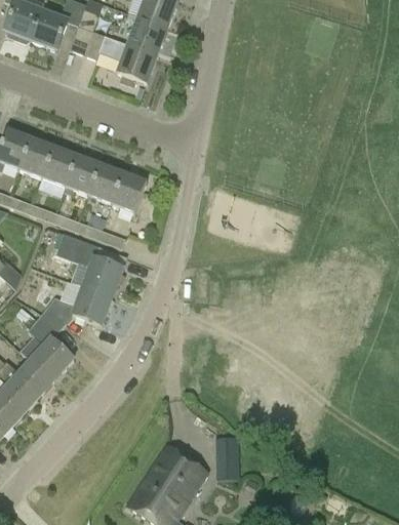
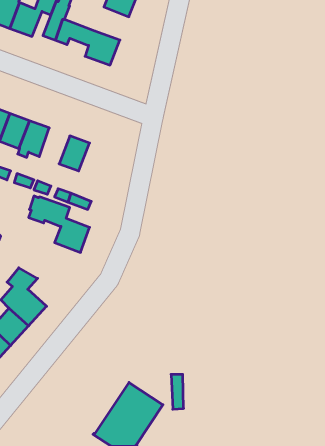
building: [128,15,167,53] -> none
building: [64,154,99,195] -> none
building: [110,171,146,212] -> none
building: [31,280,112,326] -> none

